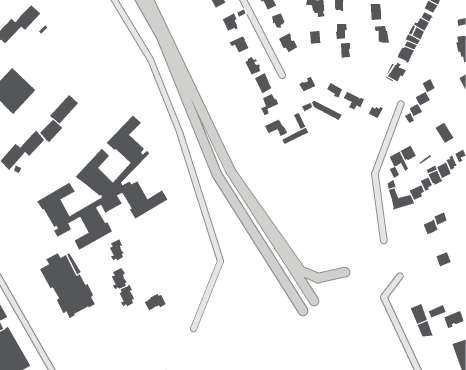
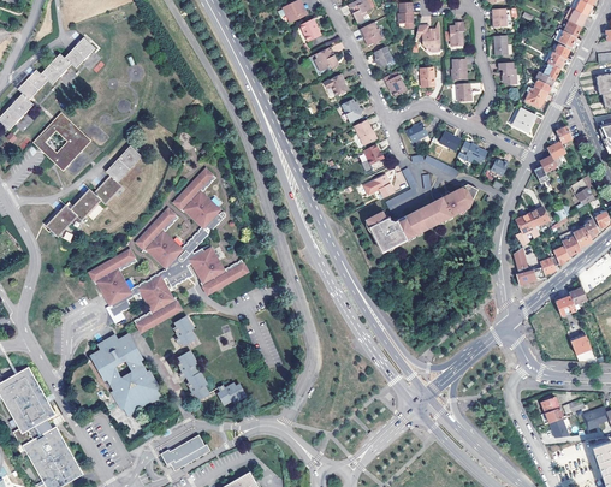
building: none -> [367,182,477,250]
building: none -> [160,433,208,470]

